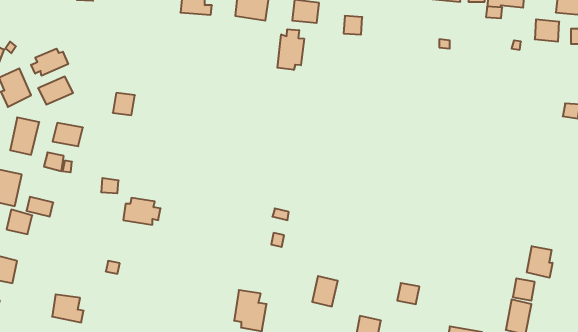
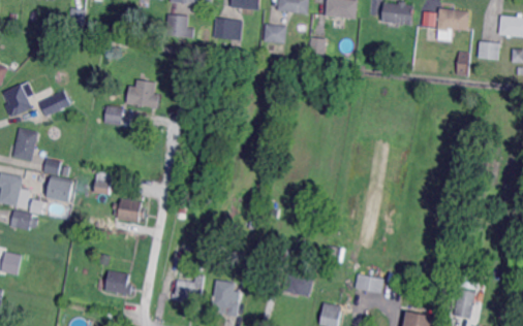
building: [277,29,304,70] -> none
building: [31,49,68,76] -> none
building: none -> [126,79,159,107]
building: [53,123,83,146] -> [47,177,73,198]
building: [527,246,552,278] -> none
building: none -> [174,273,205,308]
building: [52,294,84,322] -> [105,270,133,295]

